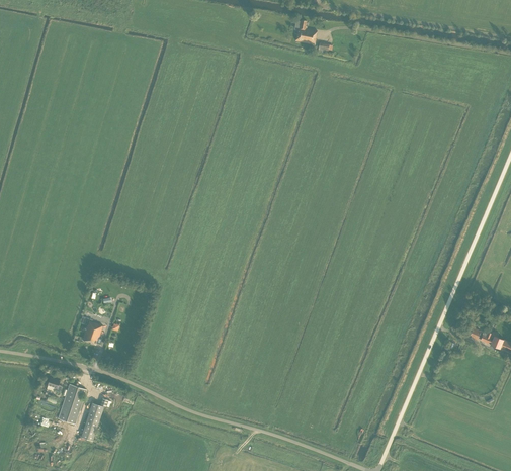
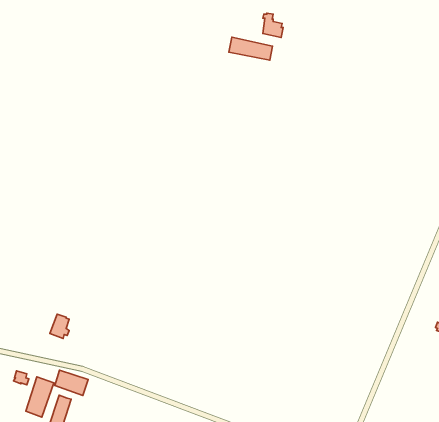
building: none -> [229,37,272,60]
building: none -> [55,370,88,396]

